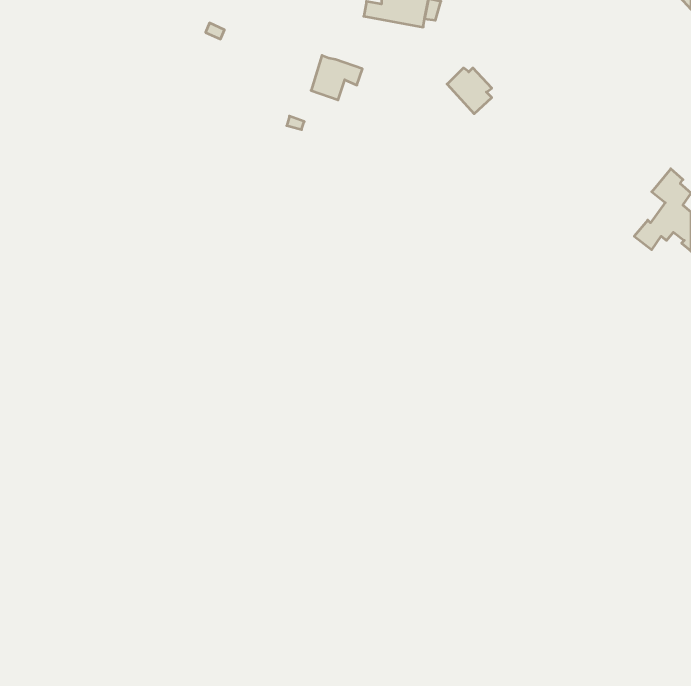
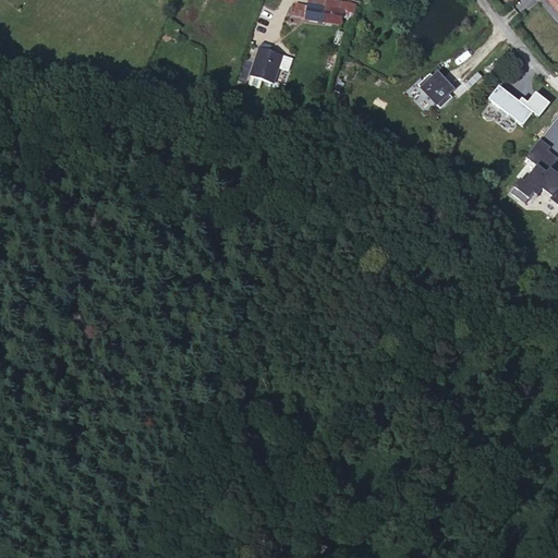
building: [447,68,492,114] -> [417,71,453,108]
building: none -> [488,84,549,124]

